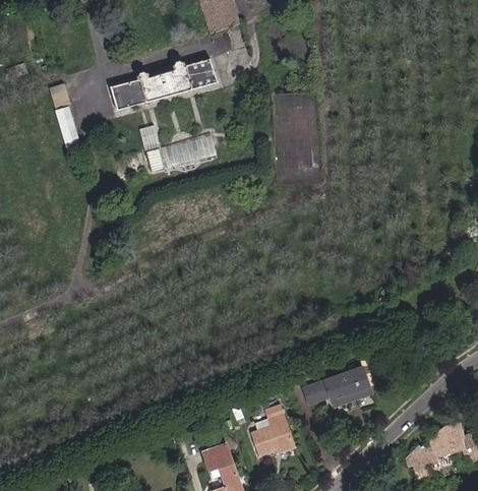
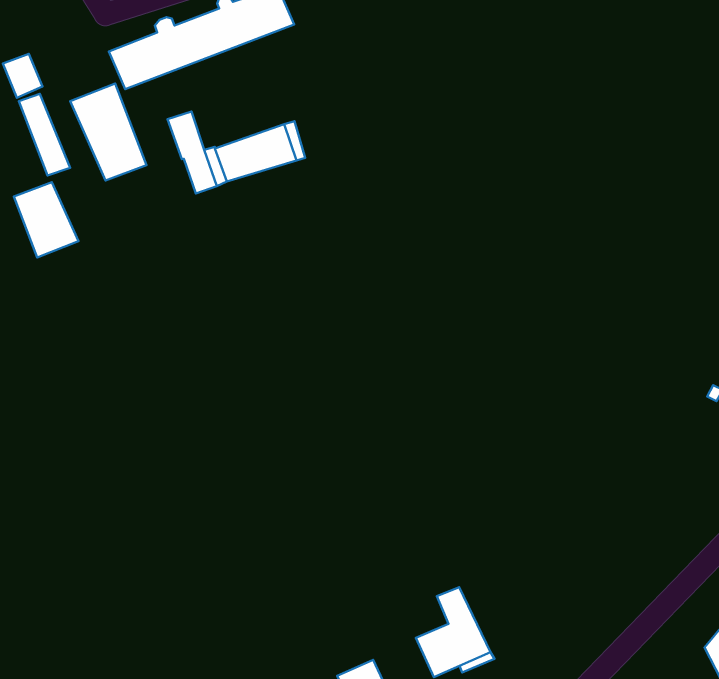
building: none -> [70,83,147,181]
building: none -> [14,182,79,257]
building: [302,364,370,405] -> none

